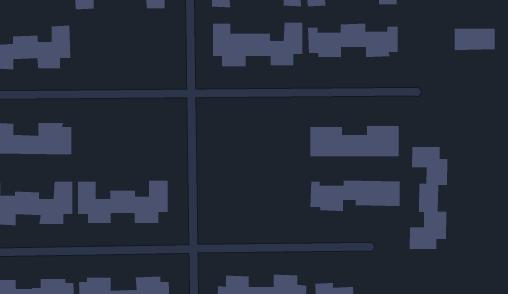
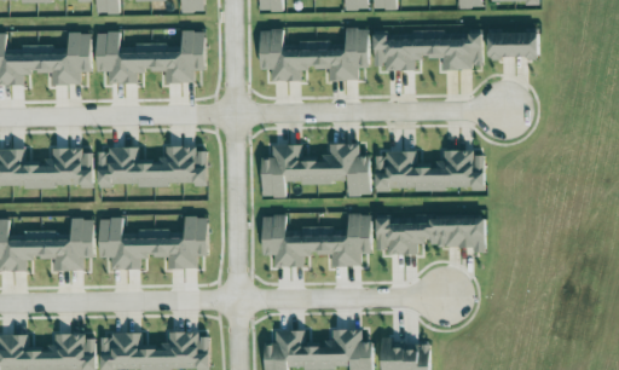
building: none -> [97,30,206,83]
building: [454,28,495,50] -> [488,31,538,58]
building: none -> [262,144,370,196]
building: none -> [98,145,207,185]
building: [409,146,448,250] -> none
building: none -> [262,214,372,266]

